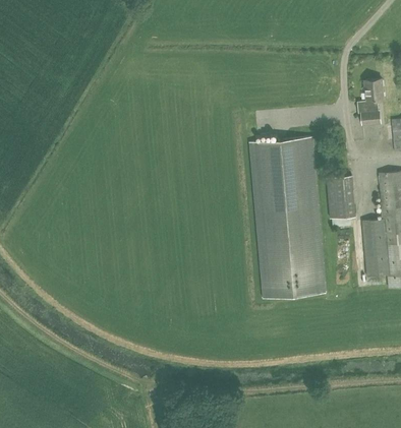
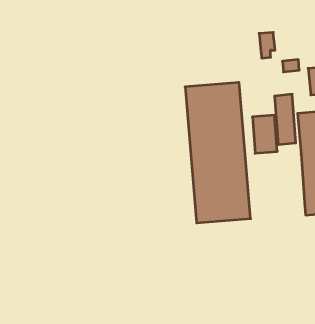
building: [365,79,384,109] -> [259,32,275,58]
building: [362,220,387,278] -> [275,94,296,145]

